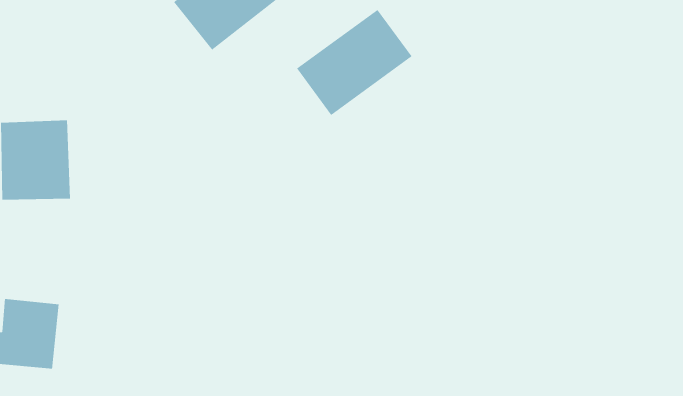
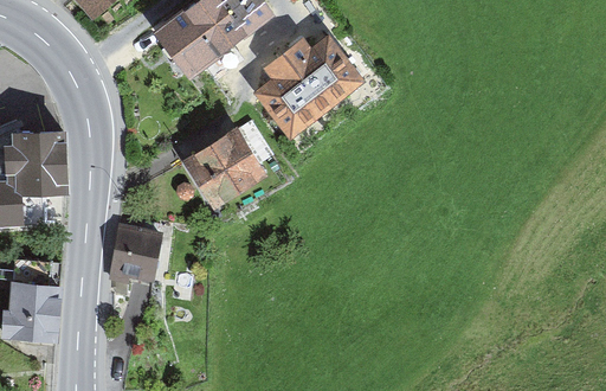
building: none -> [183,129,264,205]
building: none -> [125,226,169,281]

